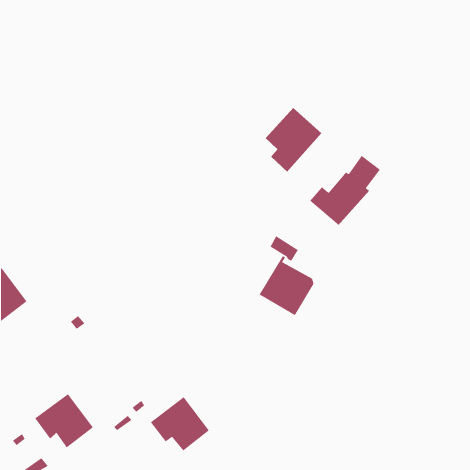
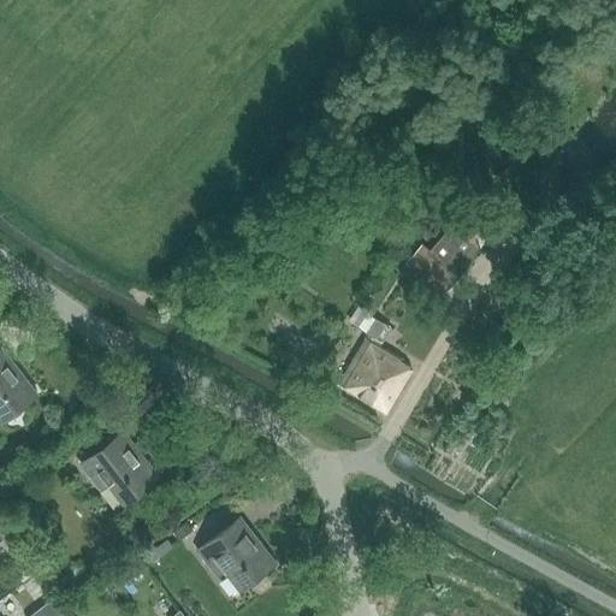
building: [265,107,322,172] -> none
building: [34,393,94,449] -> [79,433,158,505]

